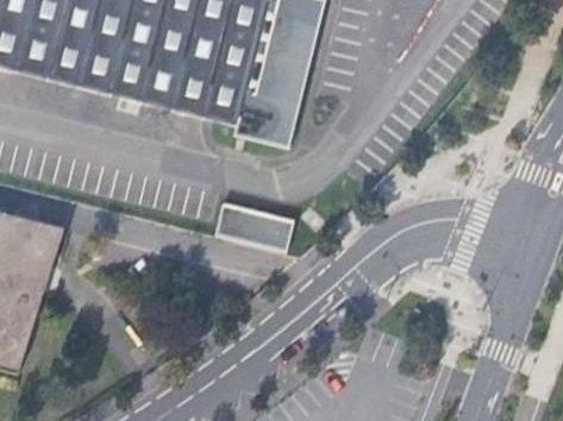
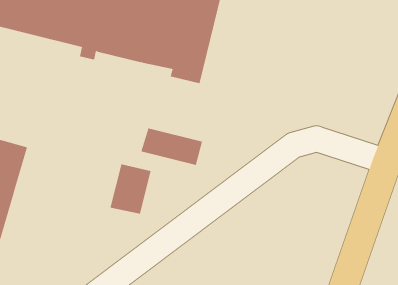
building: none -> [110,164,151,215]

